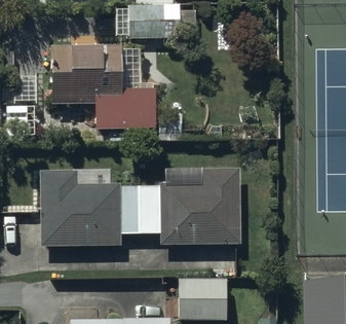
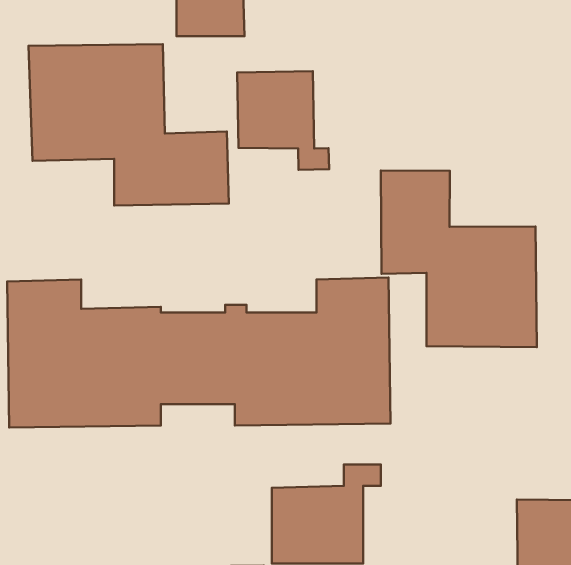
building: none -> [237,71,329,170]
building: none -> [381,171,537,347]

